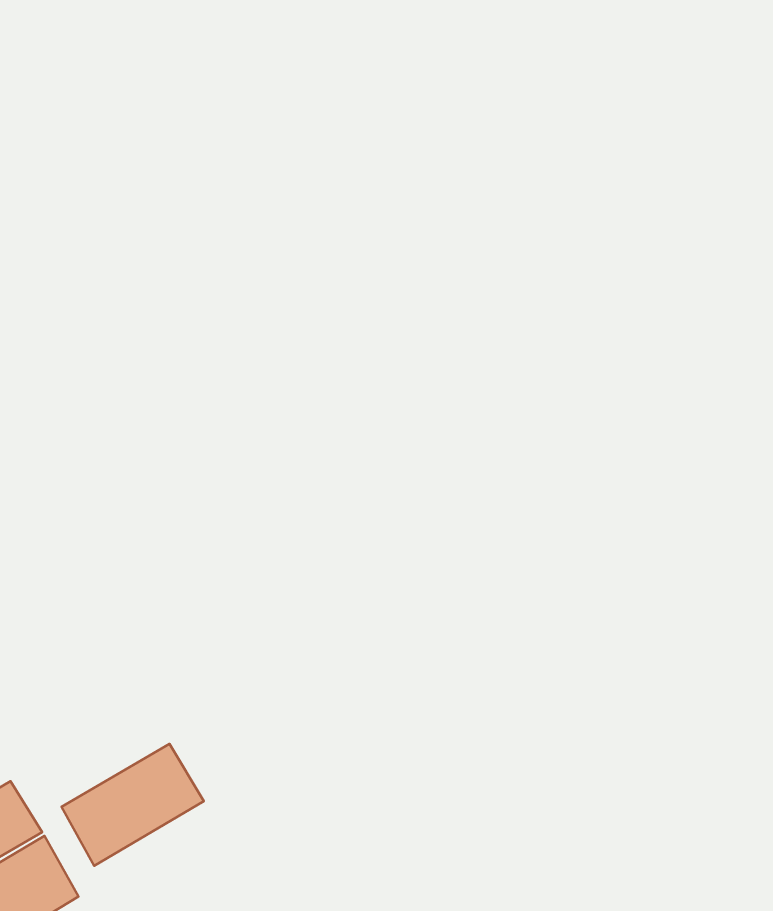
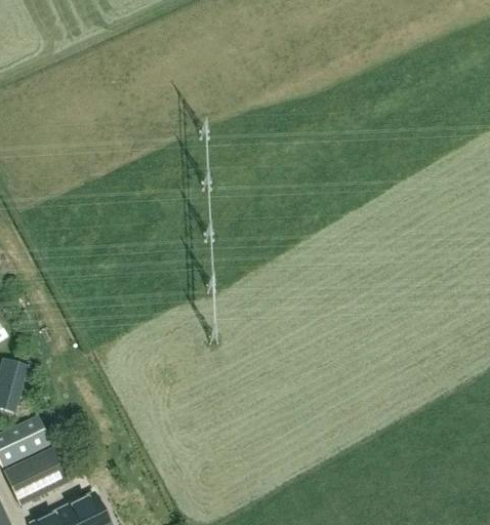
building: [61,744,204,866] -> none

